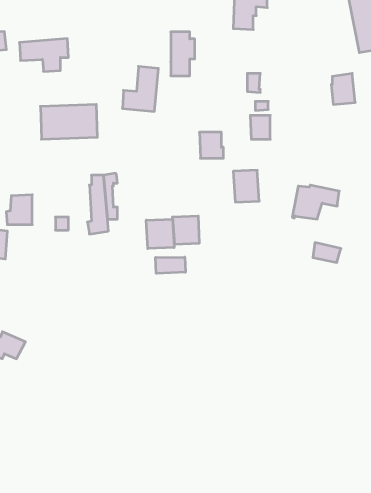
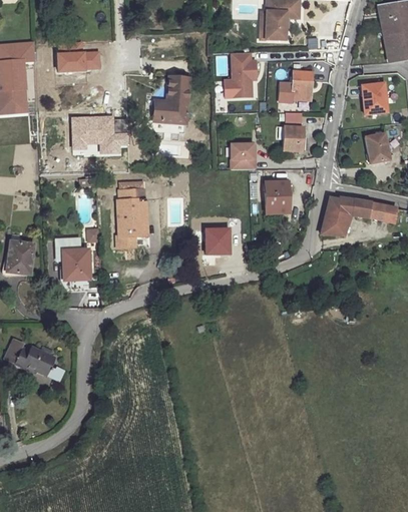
building: [171,32,195,76] -> [235,51,259,95]
building: none -> [290,72,310,100]
building: none -> [365,134,388,163]
building: [6,195,32,225] -> [62,247,88,278]
building: [146,219,174,249] -> none
building: [313,243,341,262] -> [368,202,396,222]
building: [156,257,185,273] -> none

